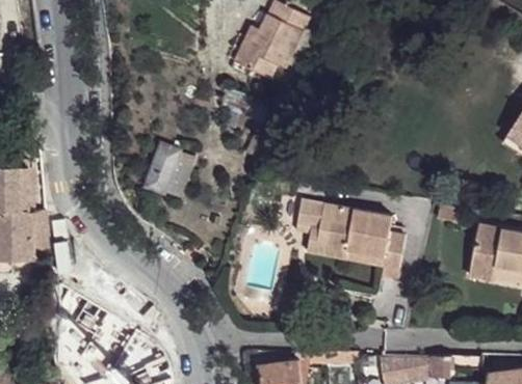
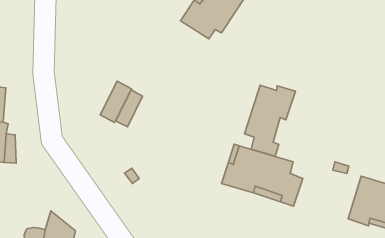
building: none -> [244,85,295,156]

